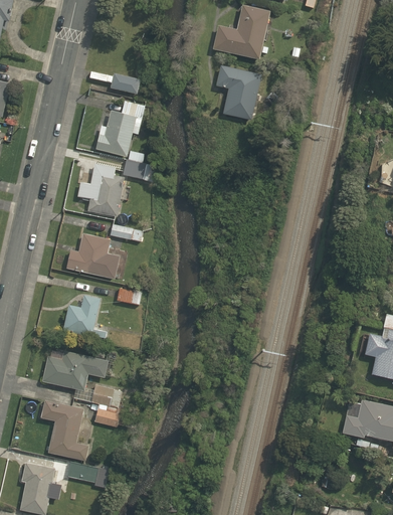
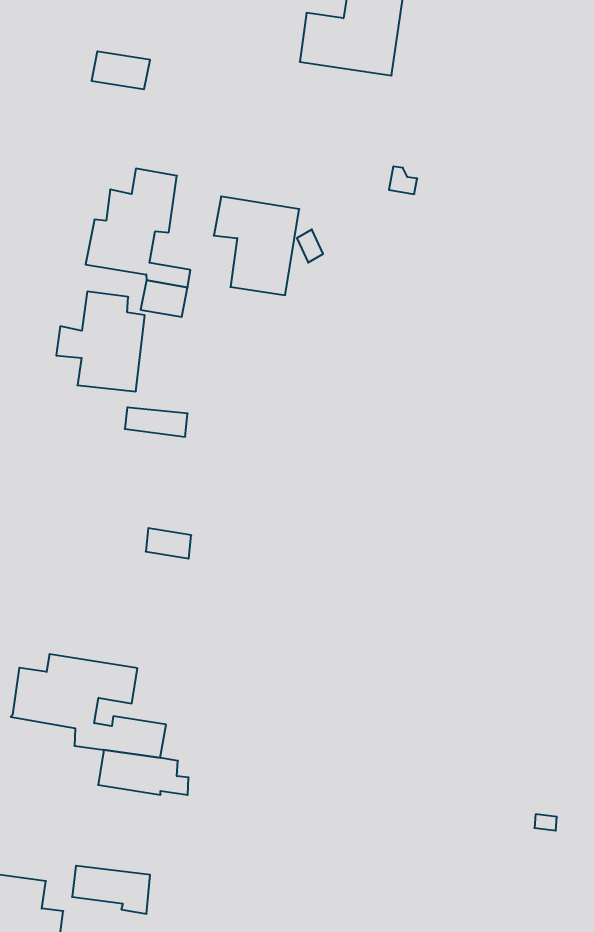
building: [215,65,260,119] -> [214,196,299,295]
building: [110,73,141,95] -> [91,51,150,89]
building: [65,232,122,276] -> none
building: [62,294,106,339] -> none
building: [40,399,88,460] -> none

